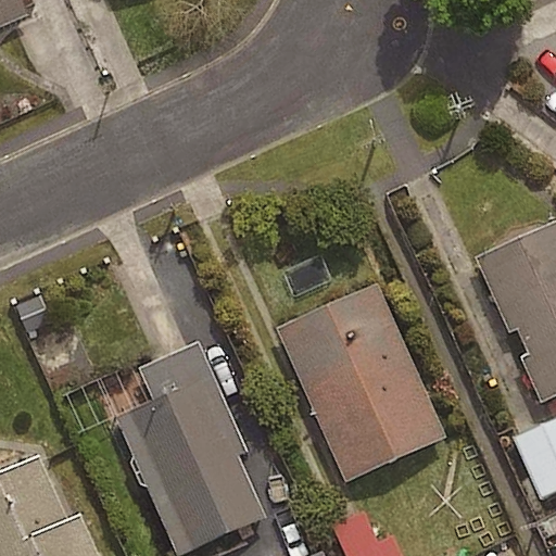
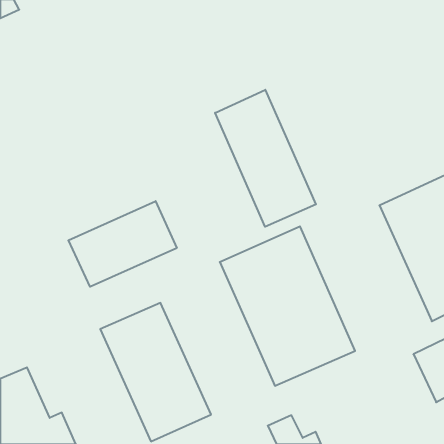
building: none -> [215,90,316,227]
building: none -> [68,201,177,287]

